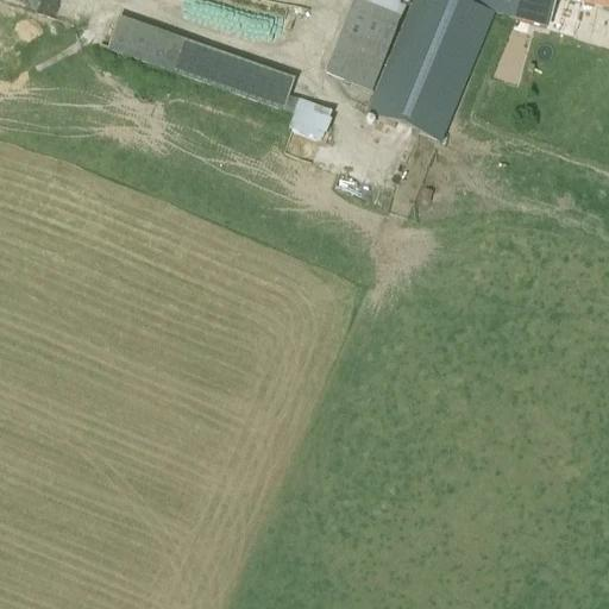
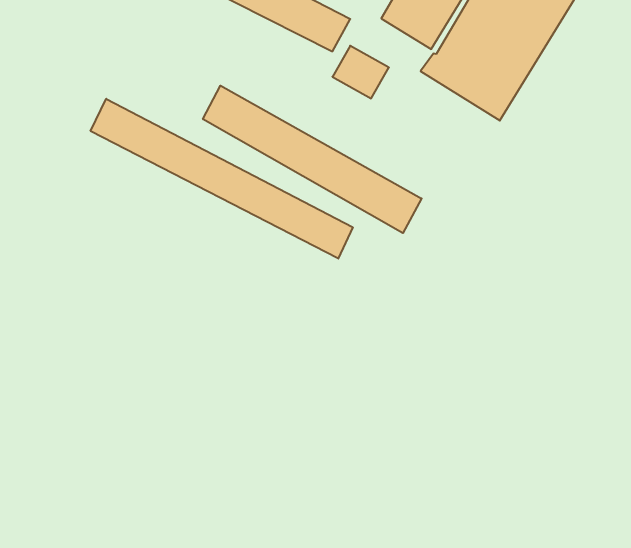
building: none -> [203,86,422,233]
building: none -> [91,99,353,259]

